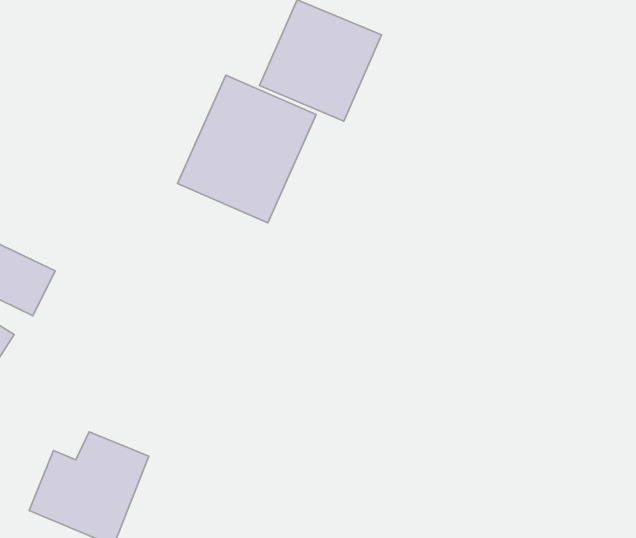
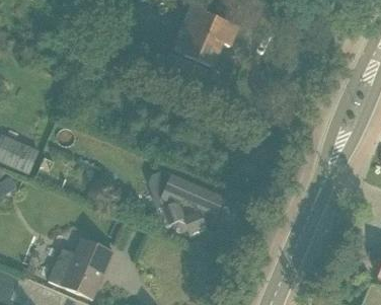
building: [178,75,316,223] -> none
building: none -> [158,173,226,237]

